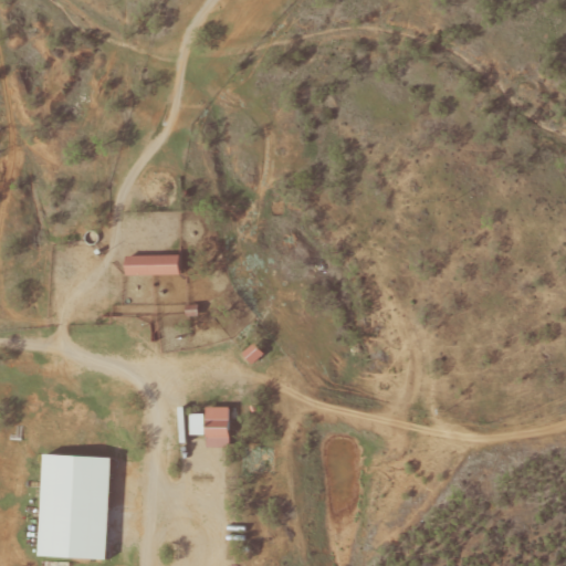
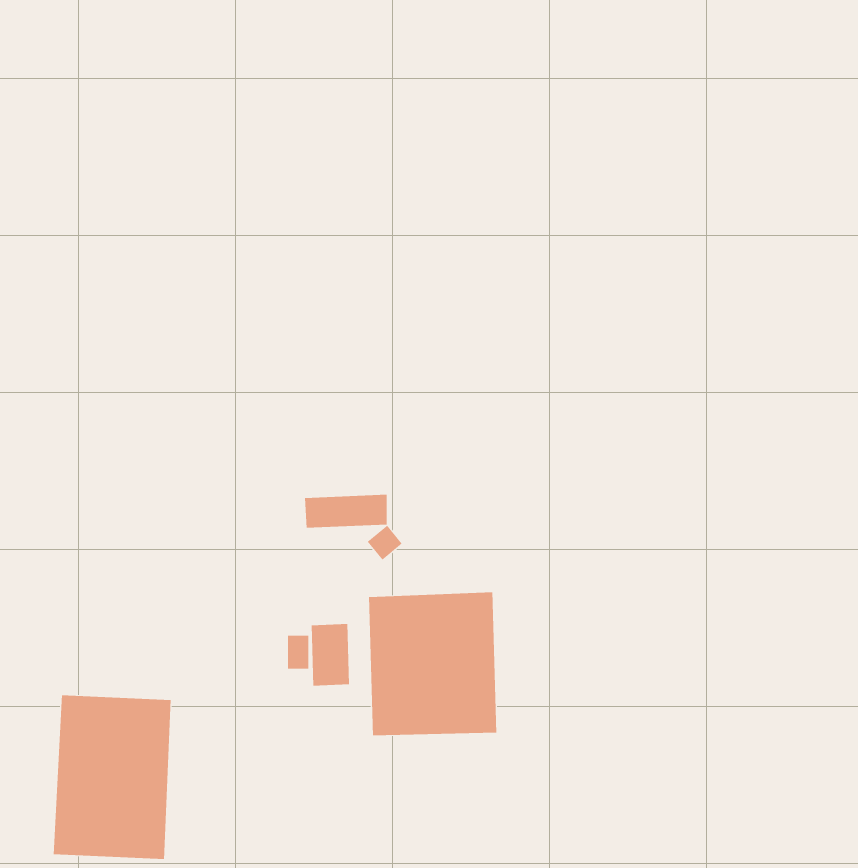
building: [125,254,179,276] -> [304,494,387,528]
building: none -> [369,591,497,736]

